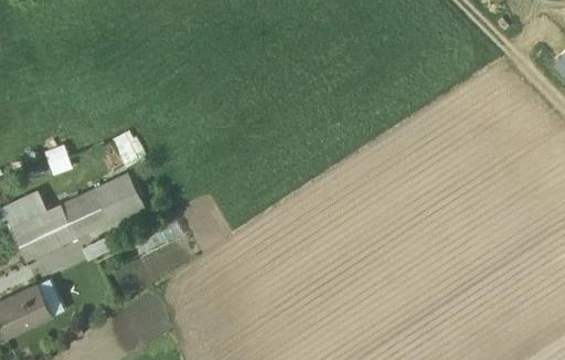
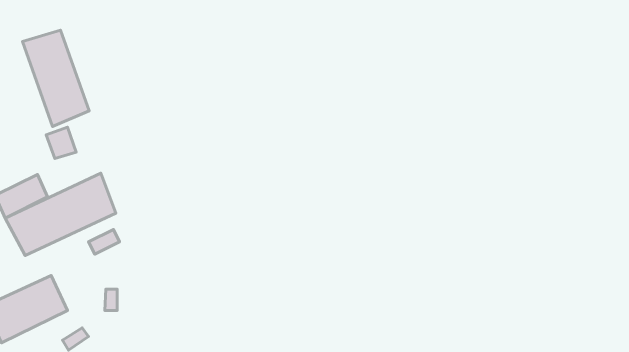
building: none -> [22,30,89,127]
building: [93,172,142,225] -> none

